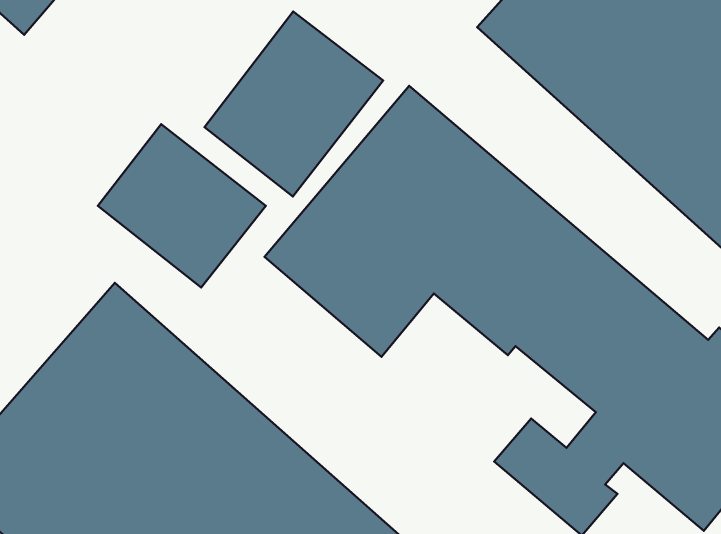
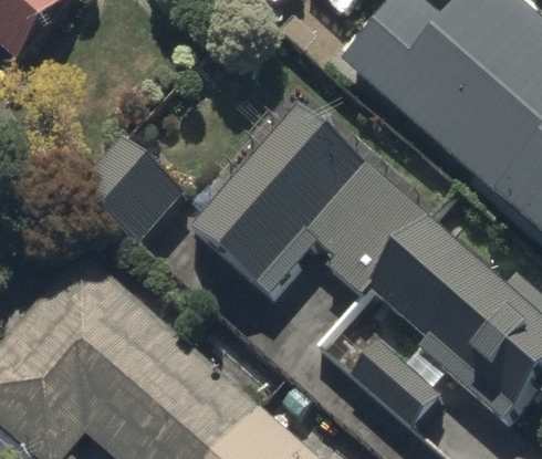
building: [204,11,383,197] -> none

